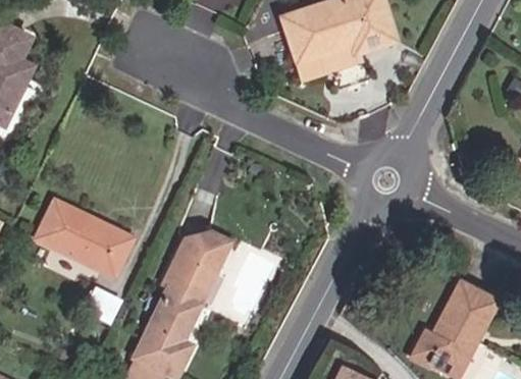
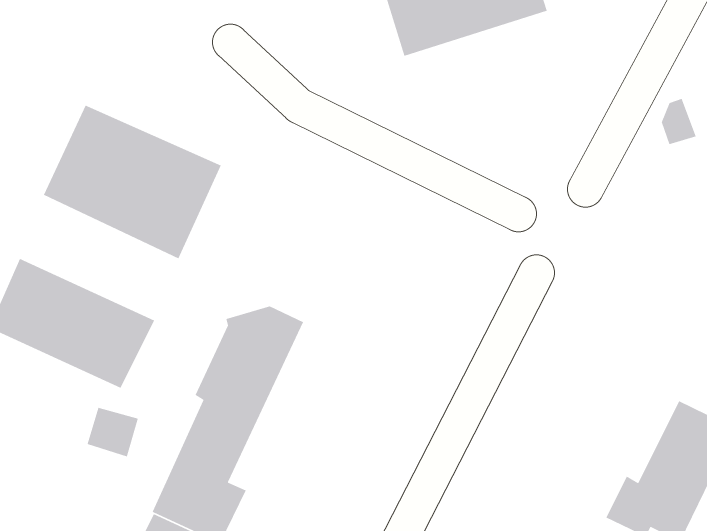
building: none -> [43,105,222,259]

